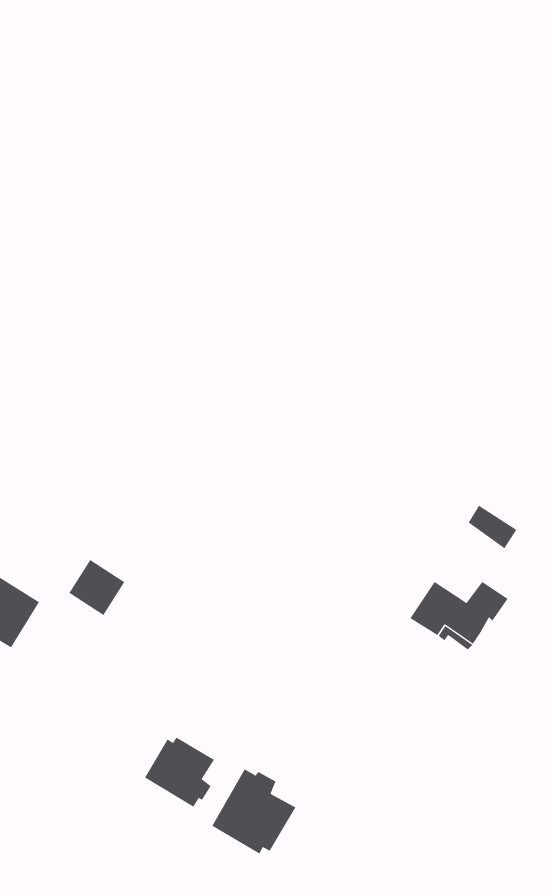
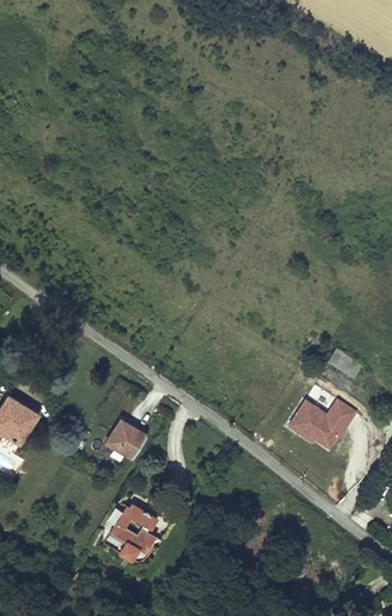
building: [68,559,125,616] -> [106,420,144,458]
building: [211,769,296,854] -> none

